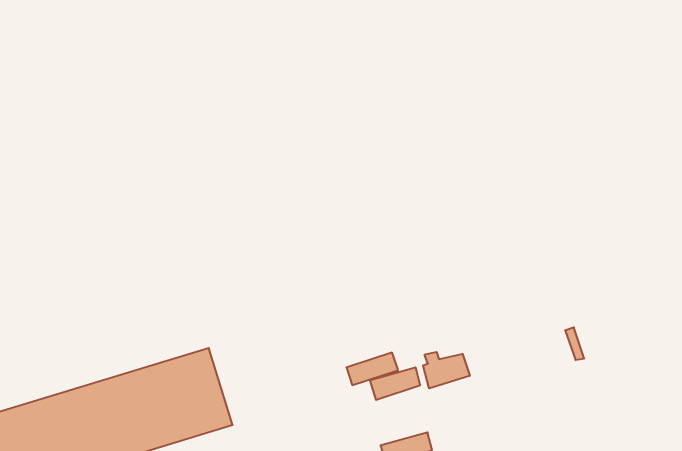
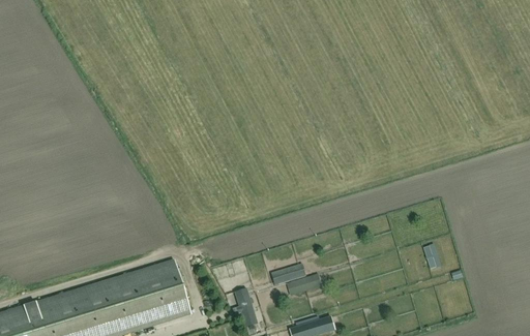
building: [423,352,470,388] -> none
building: none -> [232,286,258,326]

